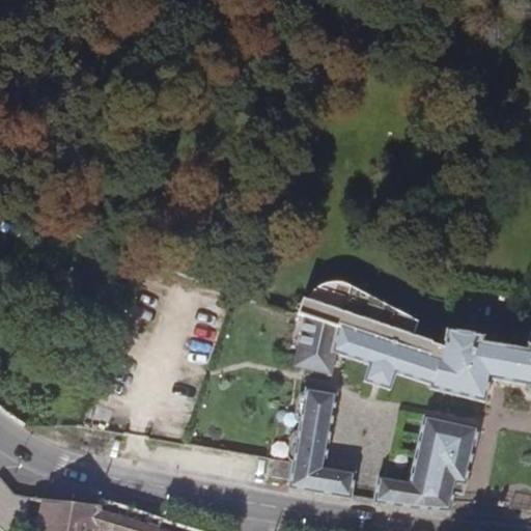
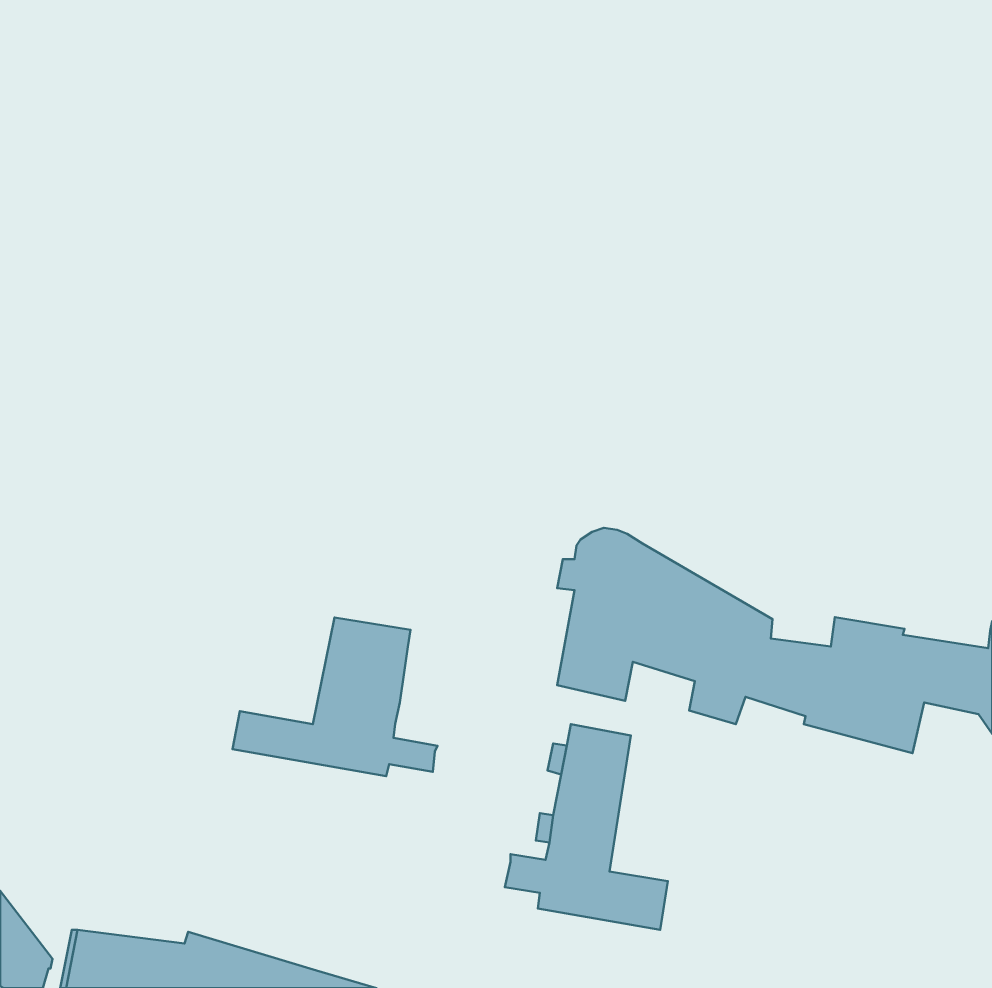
building: none -> [232,618,437,776]
building: [372,414,479,511] -> none

